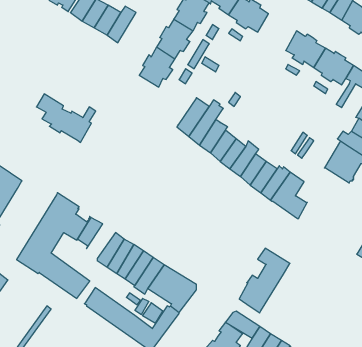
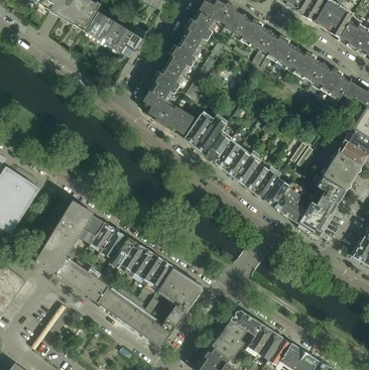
building: none -> [252,32,296,74]
building: [36,94,96,142] -> [142,90,198,135]
building: none -> [99,229,127,261]
building: [239,248,290,313] -> [298,176,346,237]

